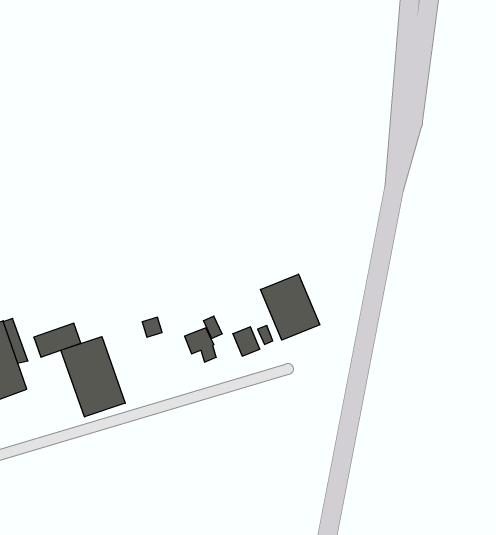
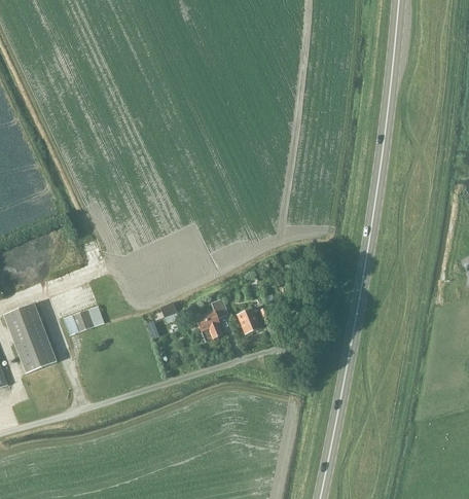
building: [260,274,320,340] -> none
building: [61,337,125,417] -> none

